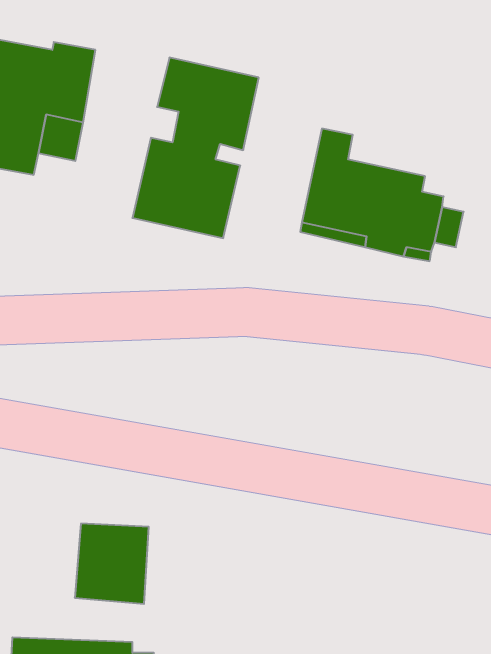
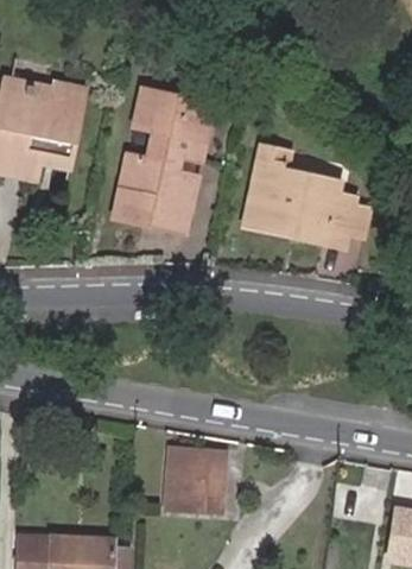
building: [75,524,149,604] -> [167,450,224,512]

